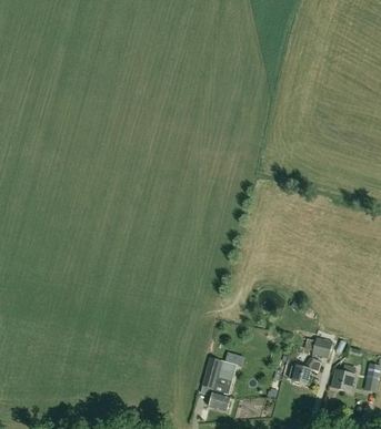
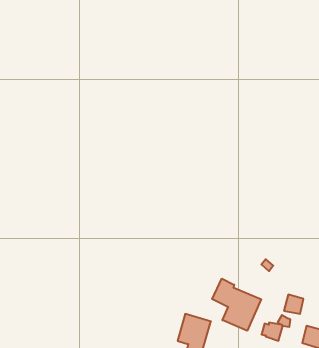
building: none -> [212,279,261,331]

